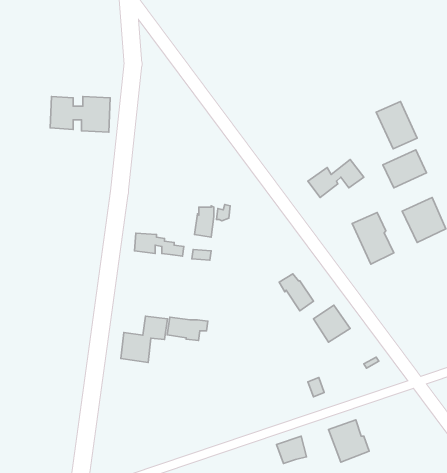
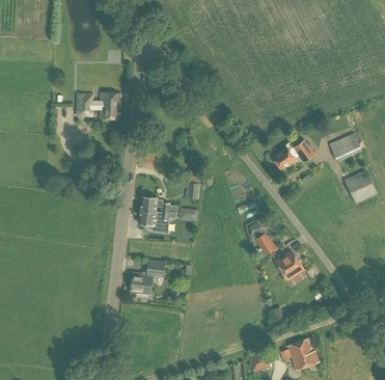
building: [376,101,417,149] -> none
building: [352,213,394,264] -> none
building: [167,317,208,340] -> [138,210,169,227]

